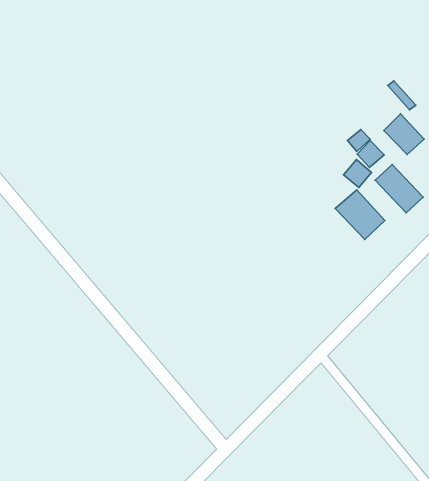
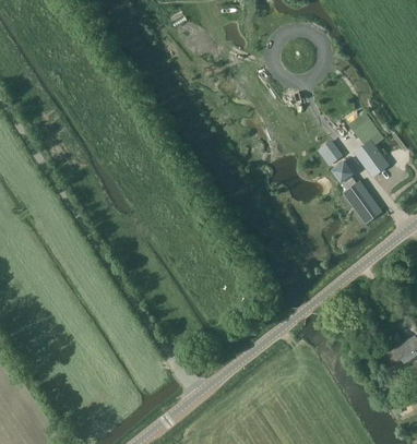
building: [335,190,385,240] -> none

